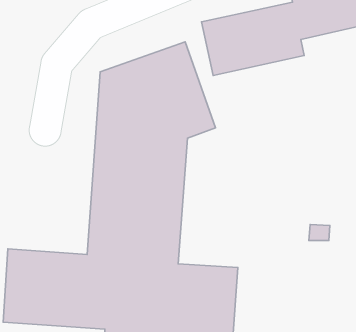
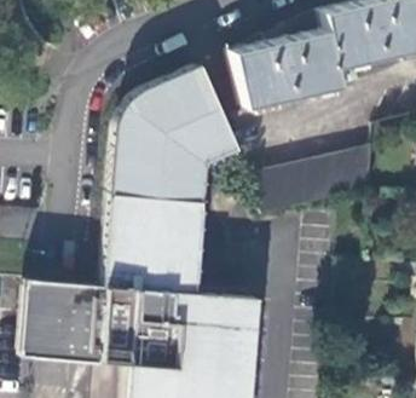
building: none -> [243,144,370,212]

